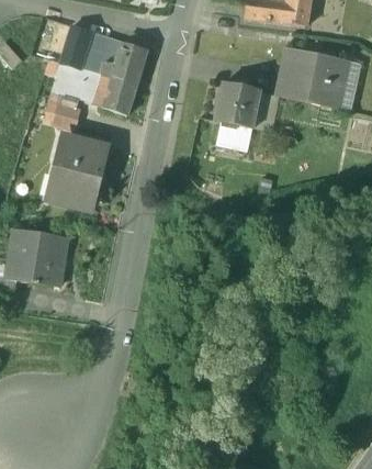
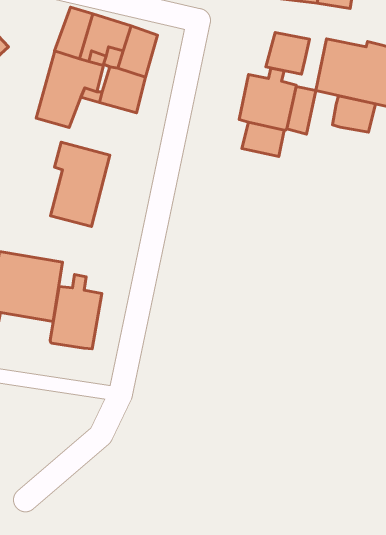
building: none -> [266,33,309,74]
building: none -> [333,96,376,132]
building: none -> [50,275,102,349]

